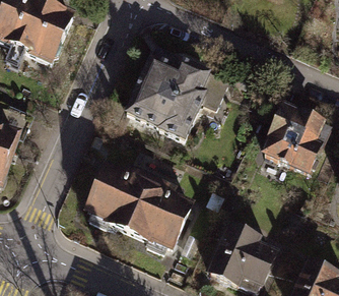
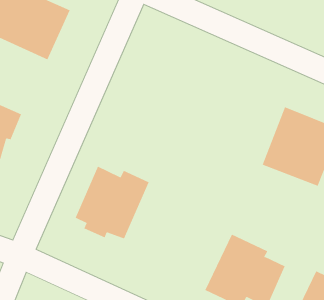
building: [125,48,228,138] -> none
building: [127,174,195,251] -> none

